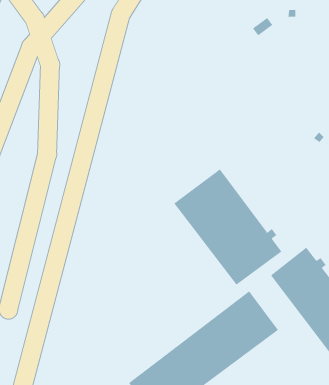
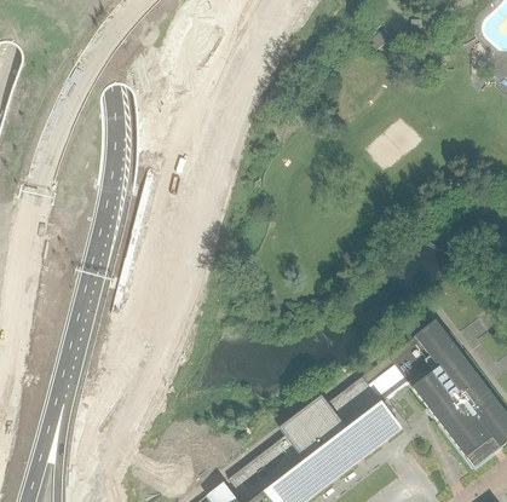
building: [174,168,282,286] -> none

